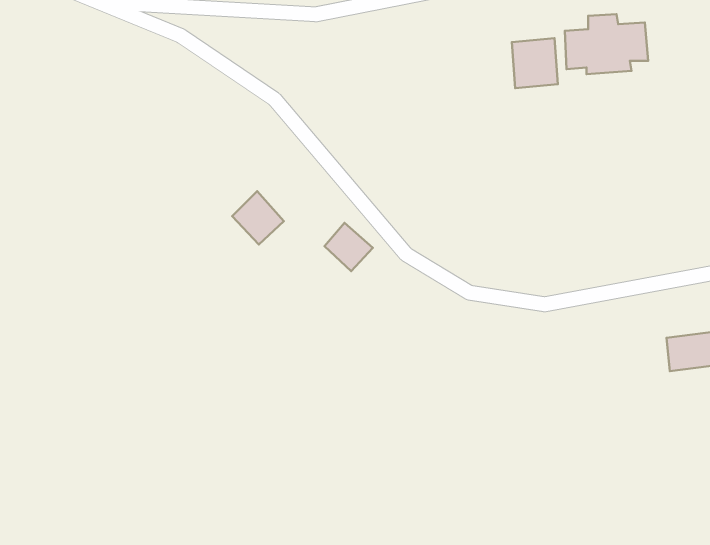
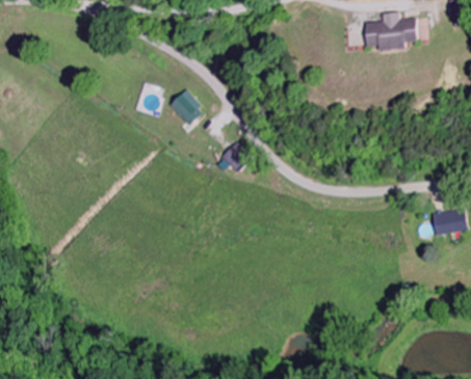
building: [512,38,558,88] -> none
building: [232,191,284,244] -> [166,89,199,123]

